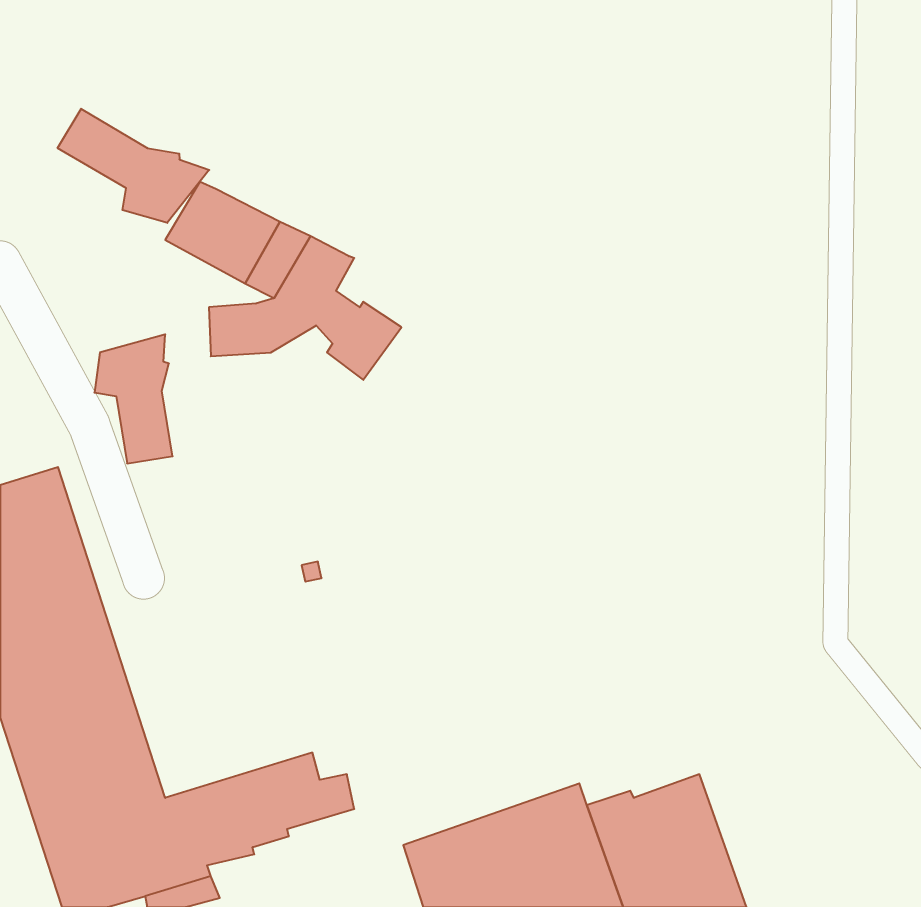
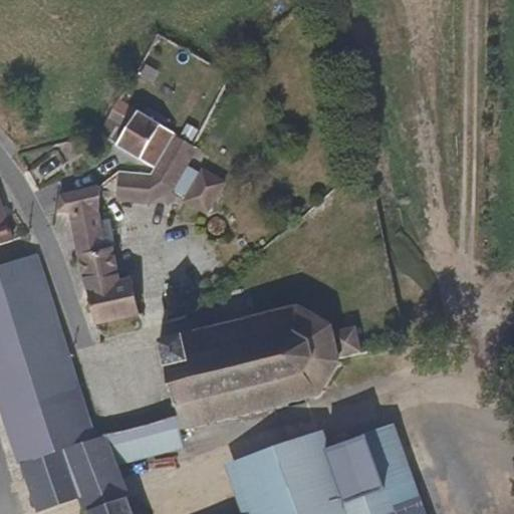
building: [58,109,209,223] -> none
building: none -> [74,250,138,324]
building: none -> [158,308,358,431]

